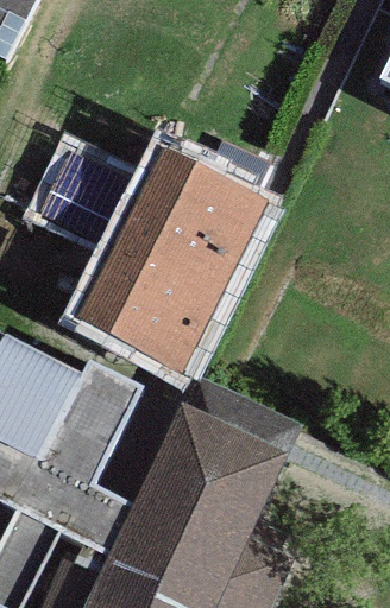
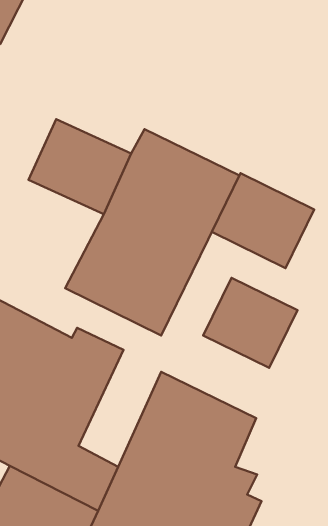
building: none -> [212,173,314,268]
building: none -> [203,278,298,368]

